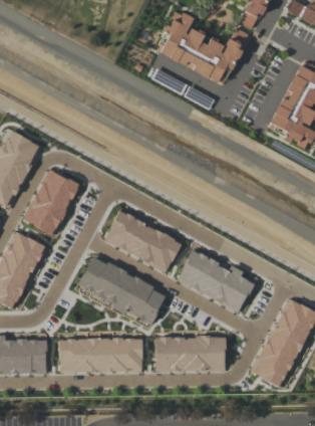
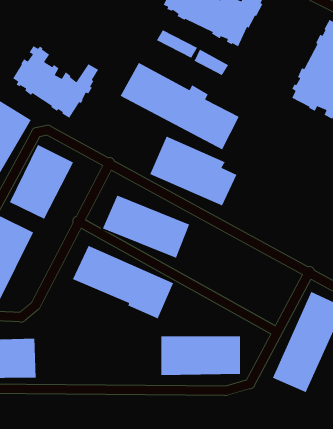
building: none -> [12,45,99,119]
building: none -> [119,62,240,151]
building: [176,248,253,310] -> [149,135,237,207]
building: [58,338,141,372] -> none

